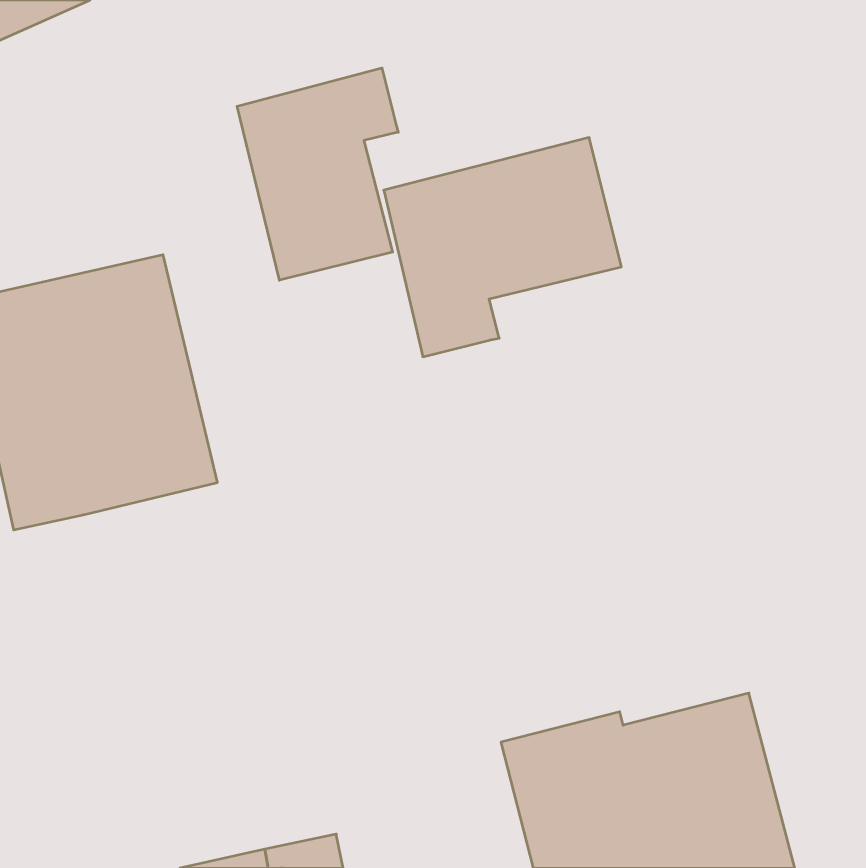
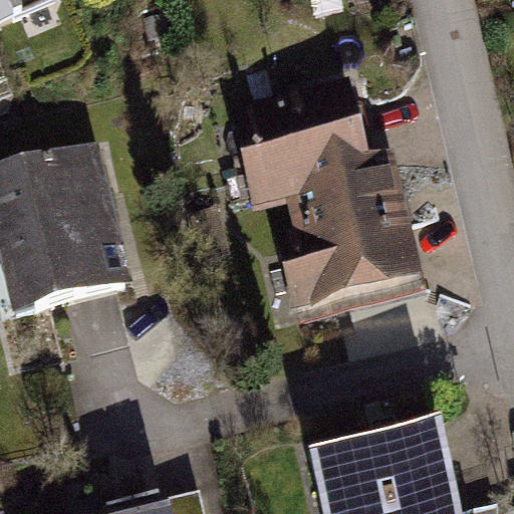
building: [237,68,398,280] -> none
building: none -> [277,152,428,315]

